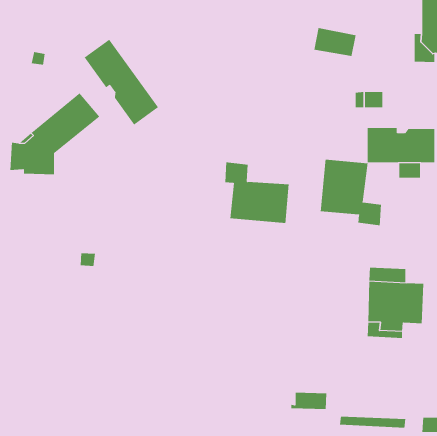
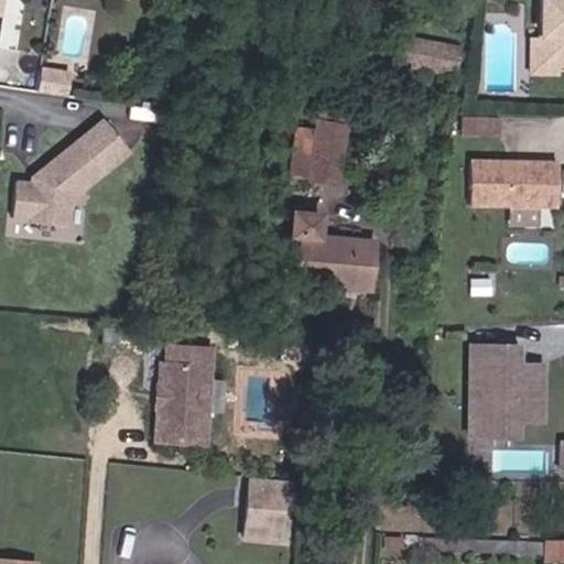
building: [84,39,159,126] -> none
building: none -> [290,91,350,183]
building: [320,159,382,226] -> none
building: none -> [158,345,212,442]
building: none -> [248,474,285,538]

